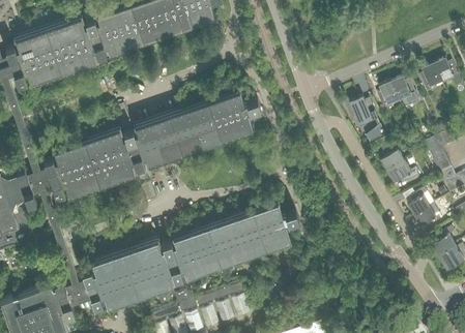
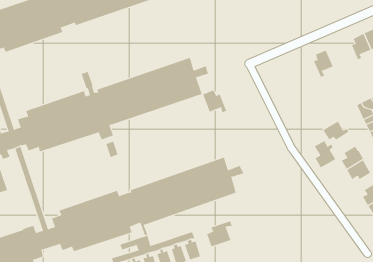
building: [391,77,423,107] -> none
building: [350,96,378,126] -> none
building: none -> [203,89,227,113]
building: [380,141,405,172] -> [314,141,336,168]
building: none -> [206,221,232,247]

